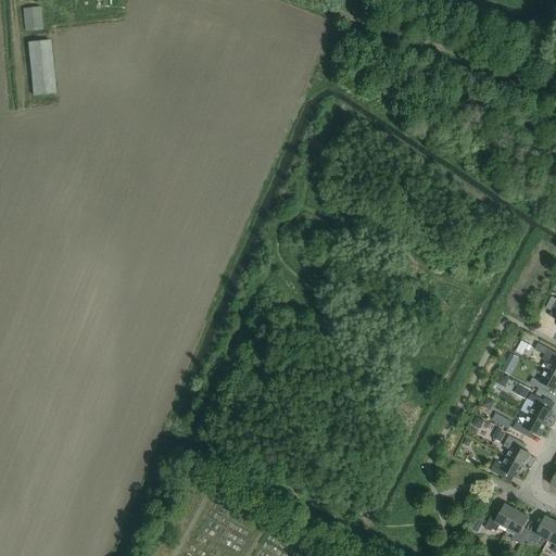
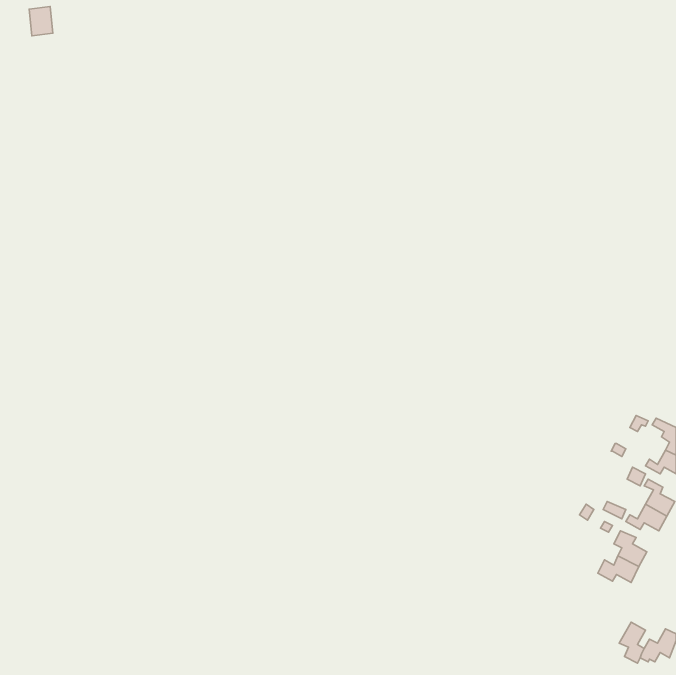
building: [28,40,55,94] -> none
building: [485,504,518,530] -> none

